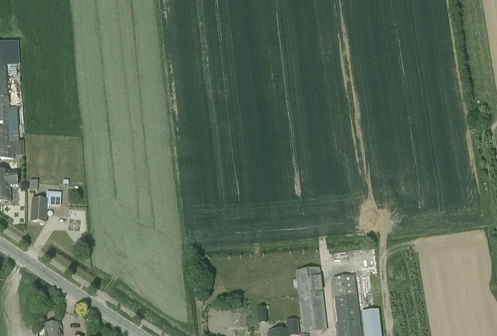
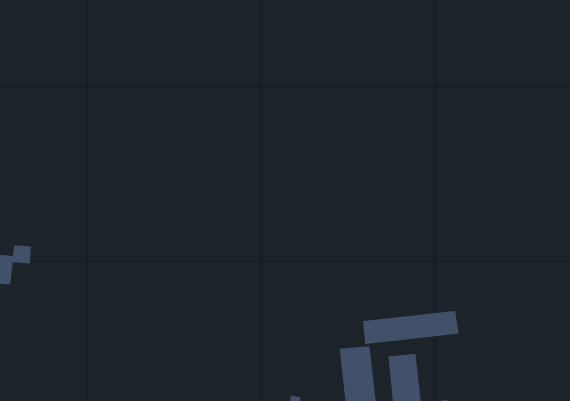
building: none -> [362,310,460,345]

